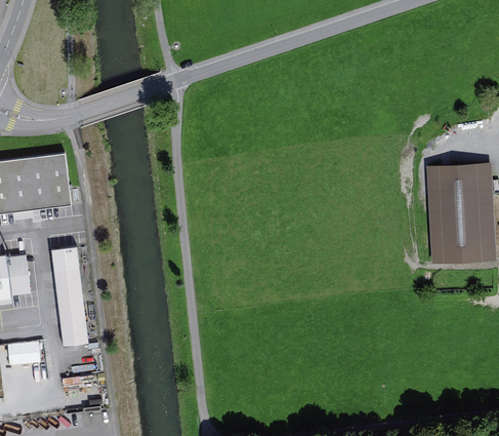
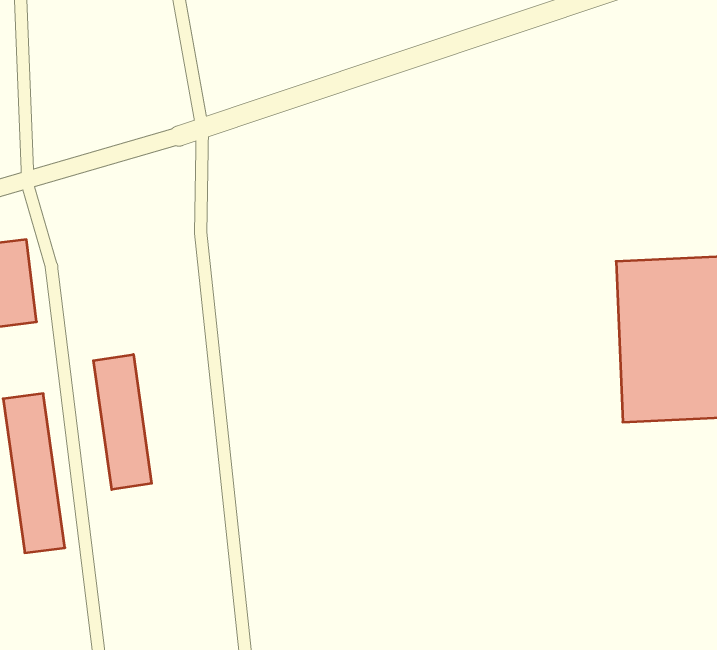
building: none -> [93,354,152,490]

